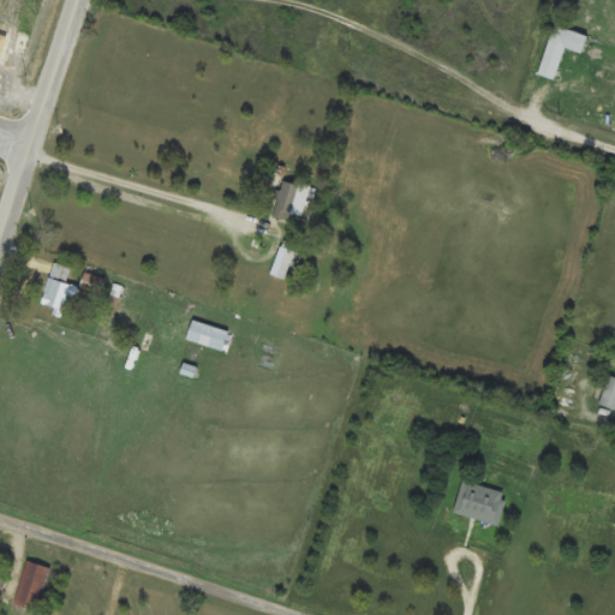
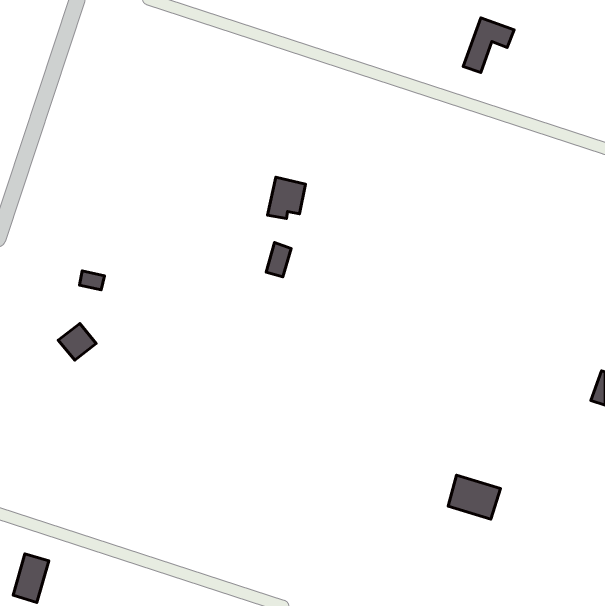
building: [536,24,587,79] -> [463,18,514,72]
building: [36,276,74,314] -> [58,323,96,360]
building: [185,320,228,351] -> none

